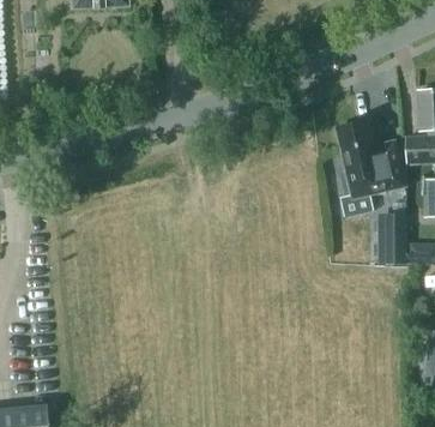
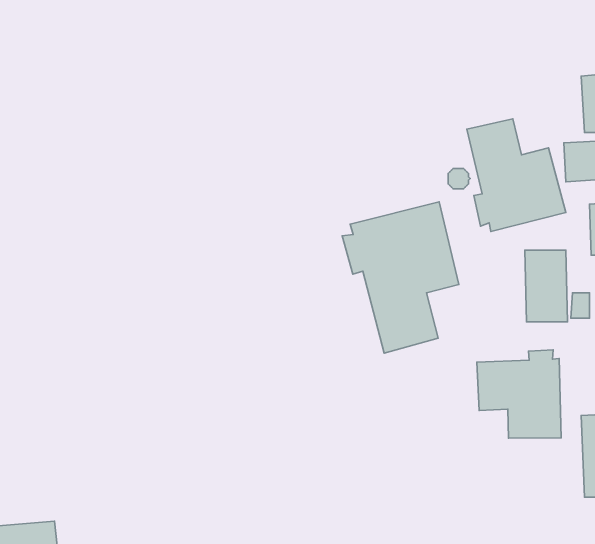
building: none -> [342,202,459,353]
building: none -> [477,350,561,438]

